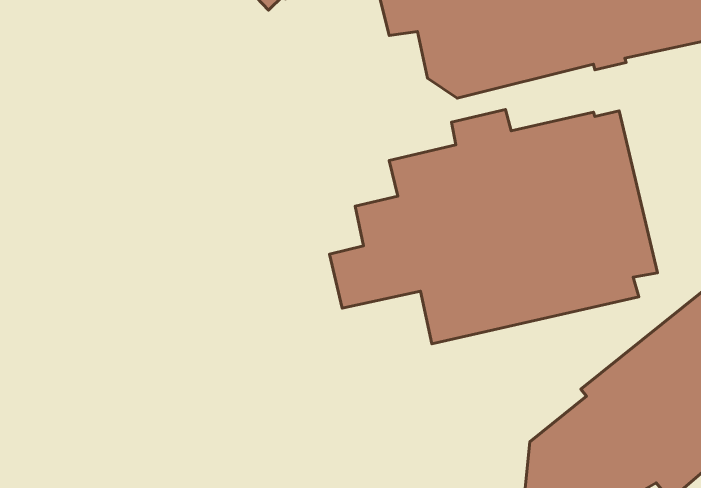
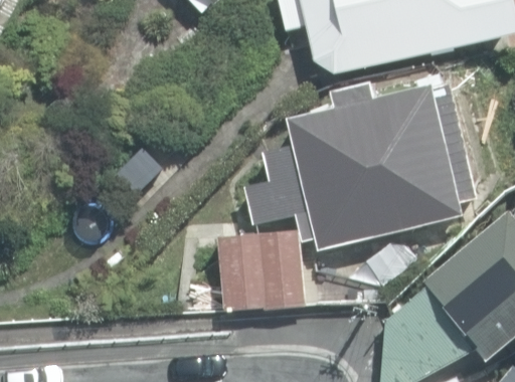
building: none -> [219,230,306,309]

